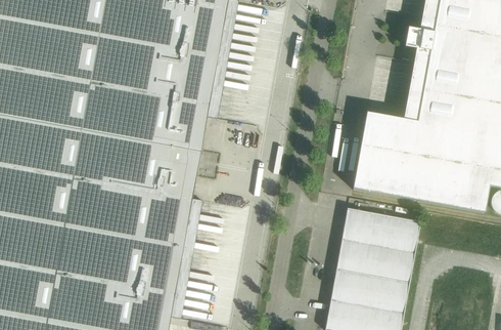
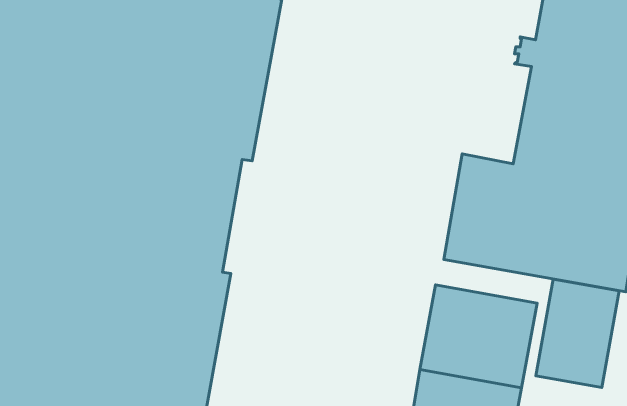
building: none -> [536,279,619,387]

